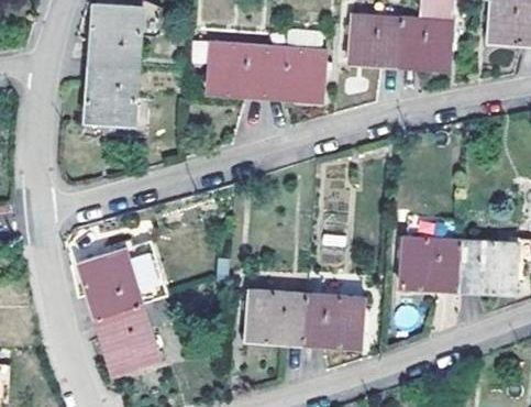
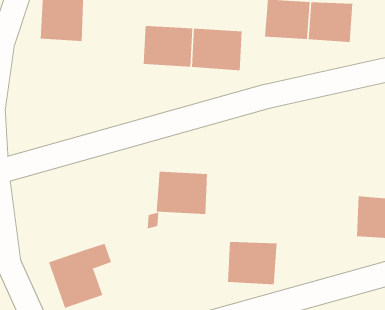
building: [86,62,137,123] -> none
building: [397,241,457,292] -> none
building: [79,244,167,321] -> none
building: [247,294,308,344] -> [156,171,208,215]

